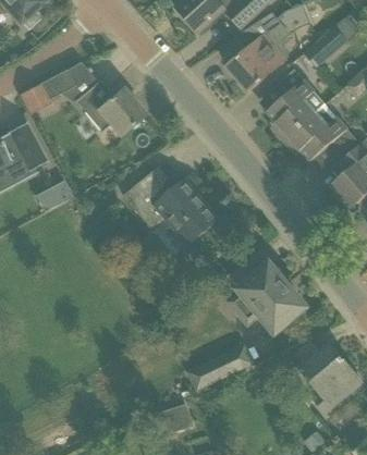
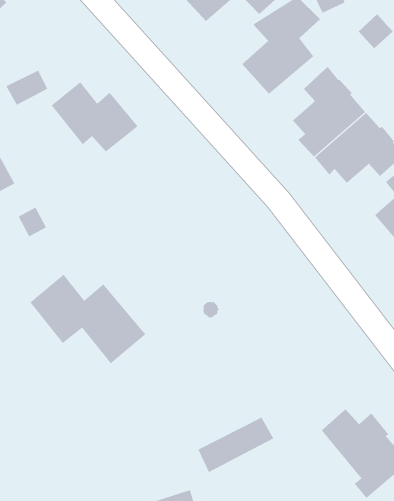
building: [124,172,217,244] -> [30,274,146,364]
building: [224,265,304,332] -> none

